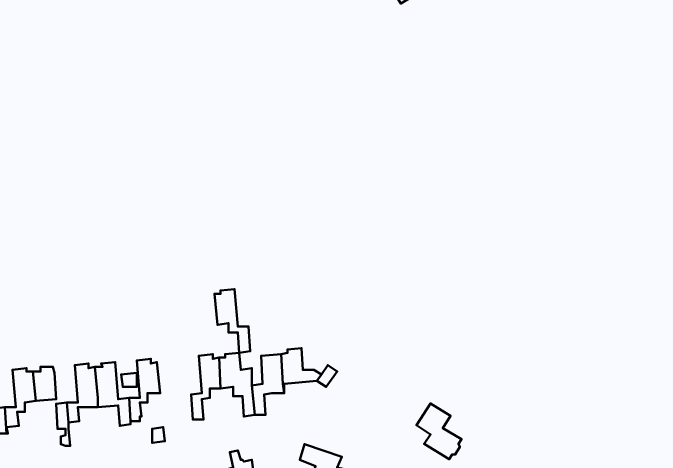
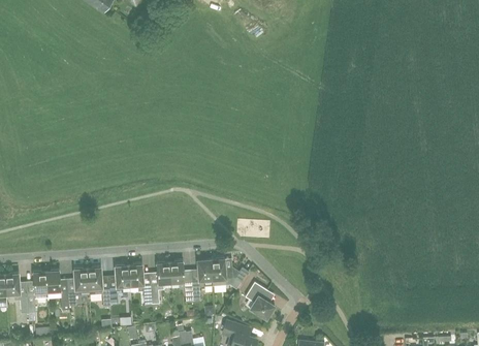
building: [214,289,250,353] -> [128,262,152,305]
building: [416,403,462,459] -> [245,282,275,319]

